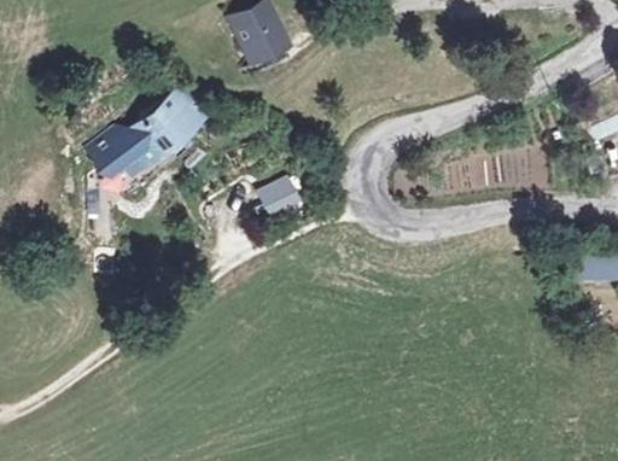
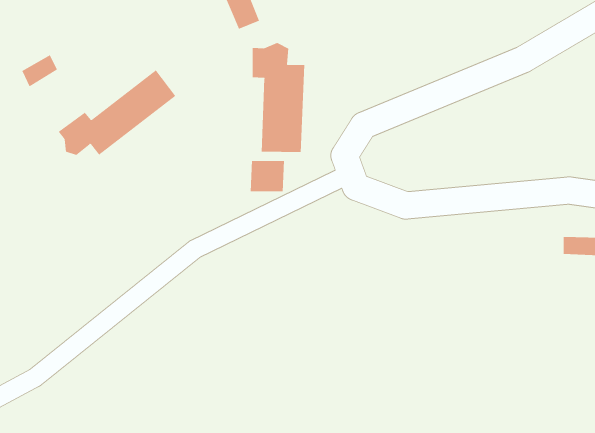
building: none -> [252,42,305,153]

